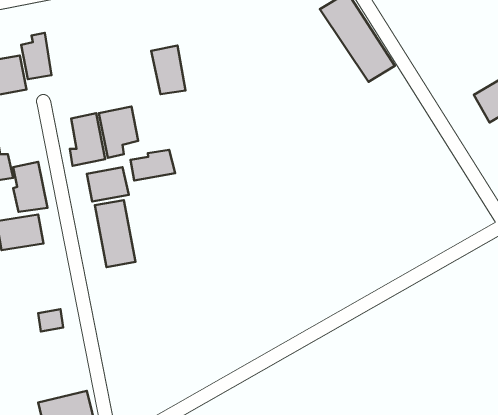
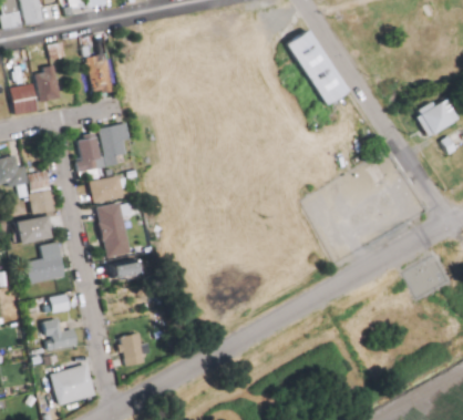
building: [151,46,185,94] -> [85,53,114,94]
building: [131,150,175,181] -> none
building: none -> [24,242,65,283]
building: none -> [109,258,142,281]
building: none -> [41,318,80,354]
building: none -> [119,334,145,369]

